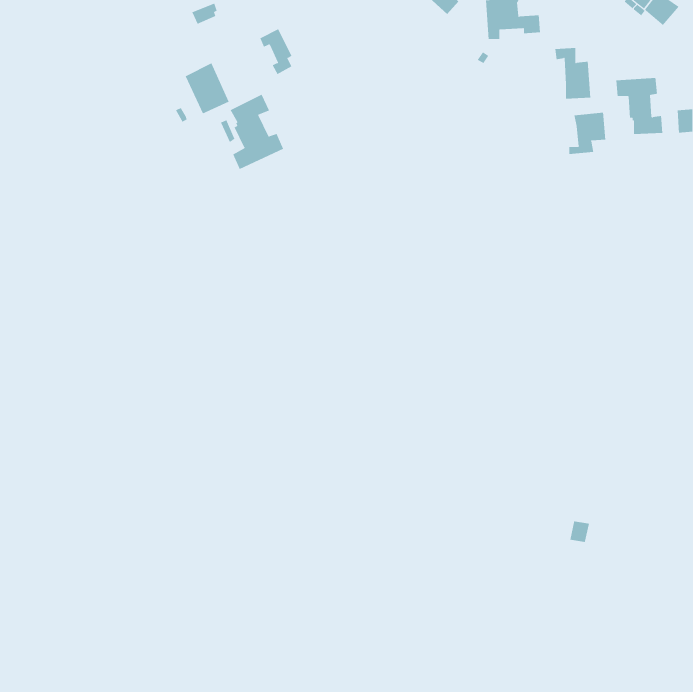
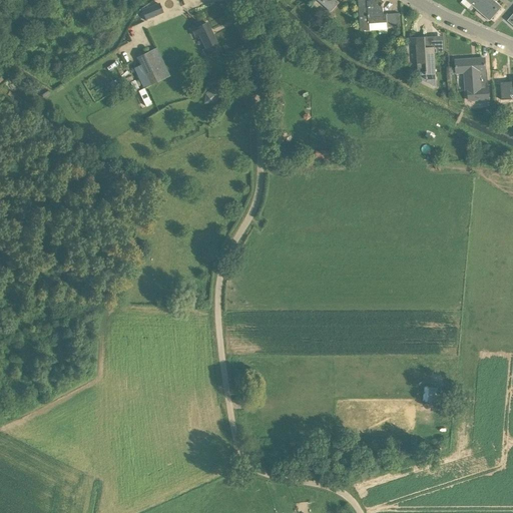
building: [230,94,284,170] -> none
building: [569,112,606,155] -> none

